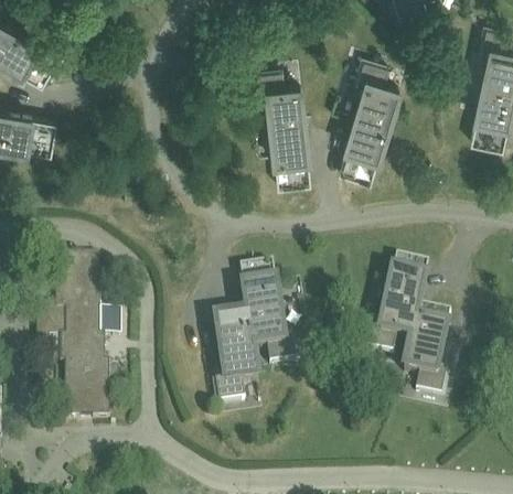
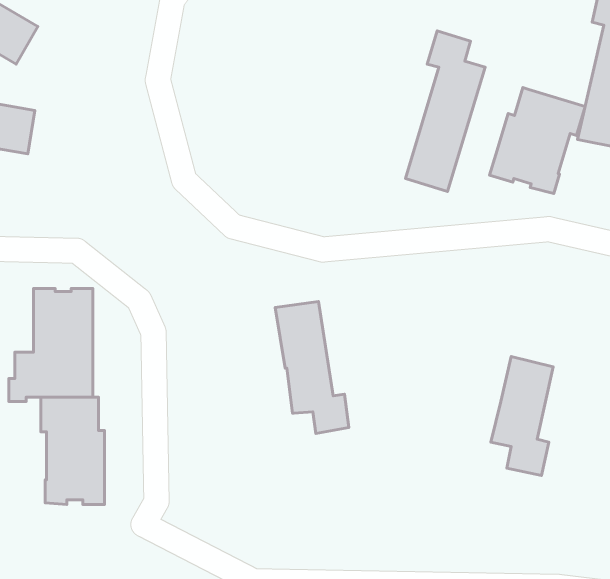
building: [255,68,310,184] -> none
building: none -> [489,88,585,193]
building: [366,257,427,353] -> none
building: [214,314,257,402] -> none

